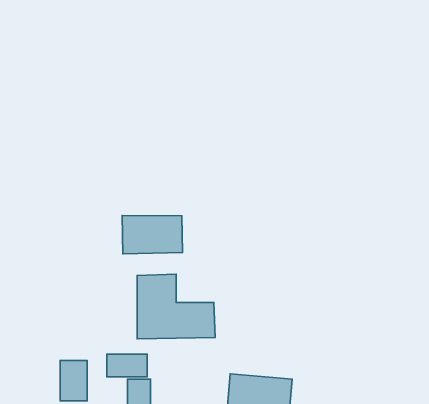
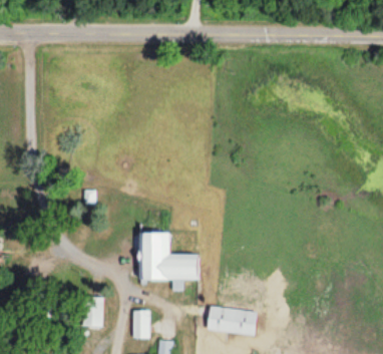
building: [122,216,183,254] -> none
building: [107,354,147,377] -> none

